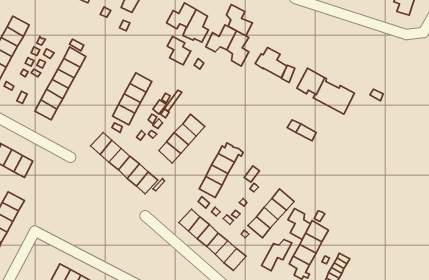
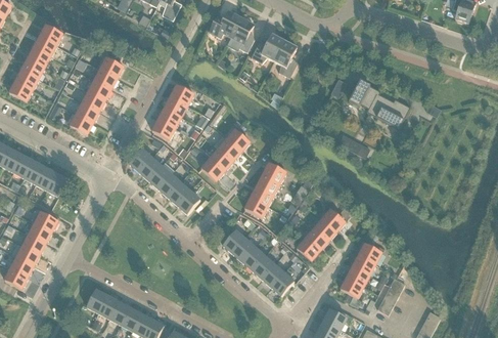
building: [227,5,252,36] -> none
building: [167,36,191,65] -> none
building: [255,48,287,78] -> none
building: [288,209,311,239] -> none
building: [261,239,292,271] -> none

